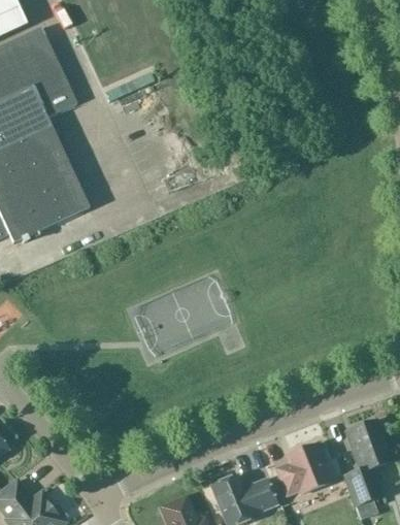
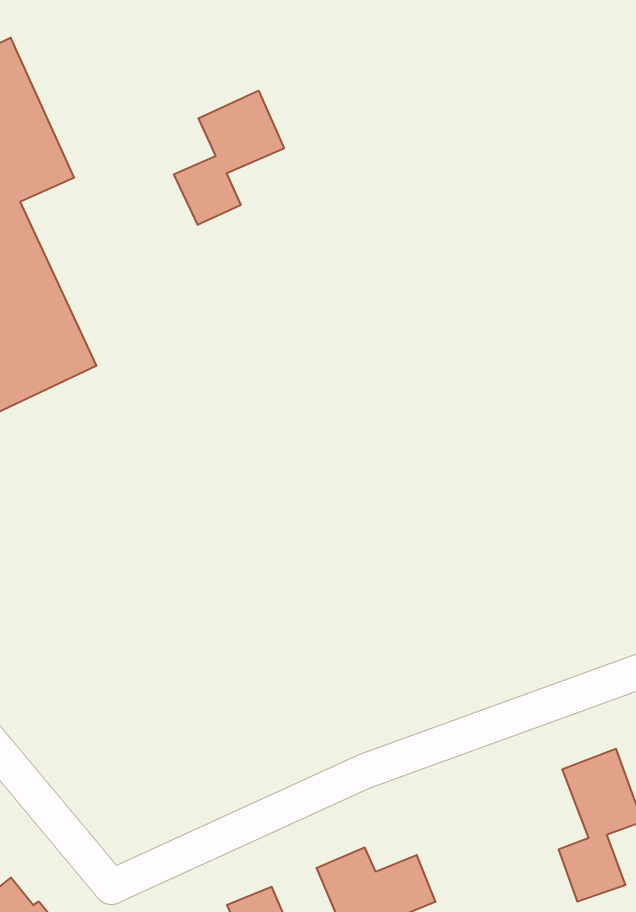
building: none -> [174,91,284,225]
building: [276,441,331,496] -> none

